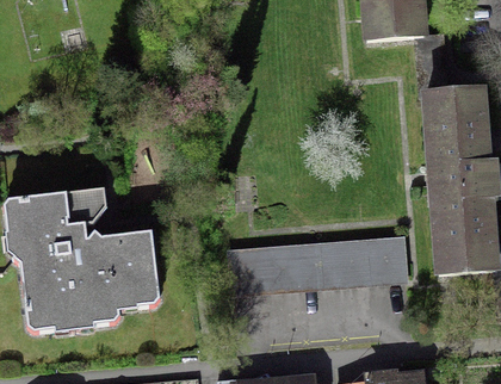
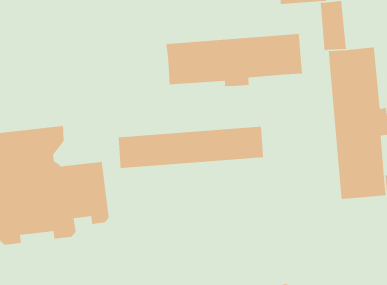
building: none -> [166,33,303,87]
building: [229,239,404,290] -> [118,126,264,169]

